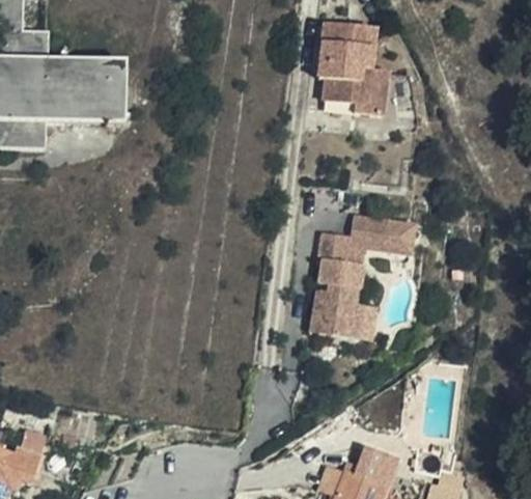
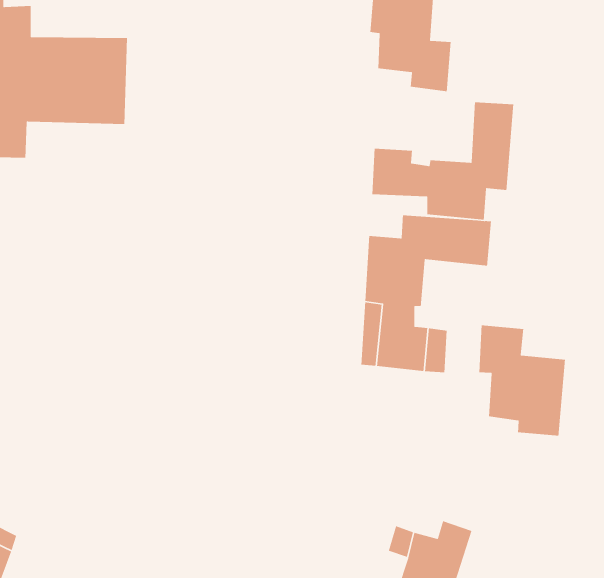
building: none -> [372,101,514,220]
building: none -> [479,325,566,437]

